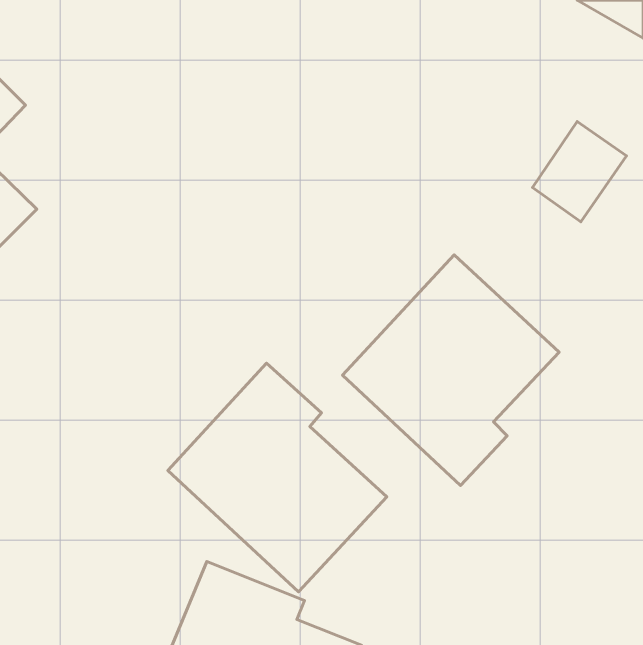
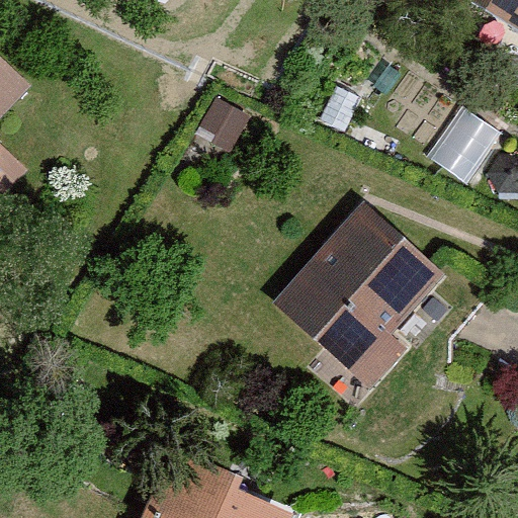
building: [168,363,387,592] -> none

